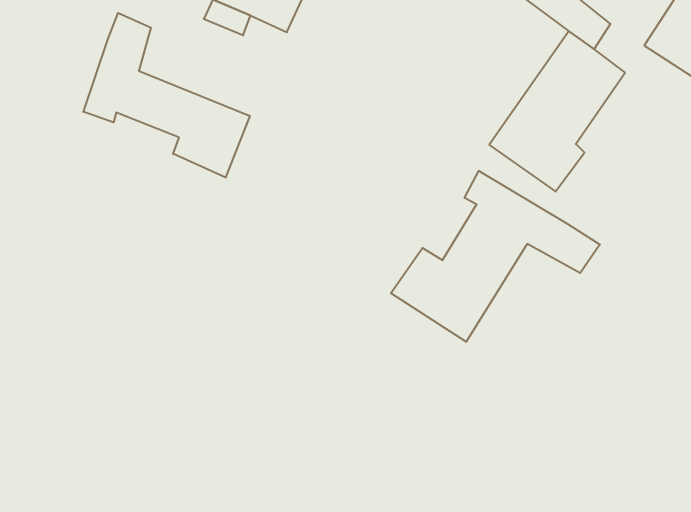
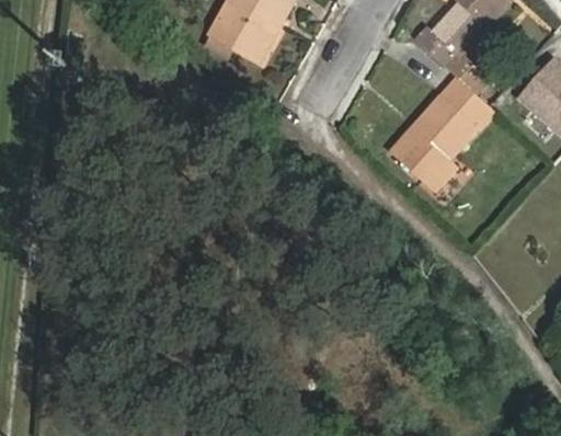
building: [83,13,250,178] -> none
building: [391,171,600,342] -> none

